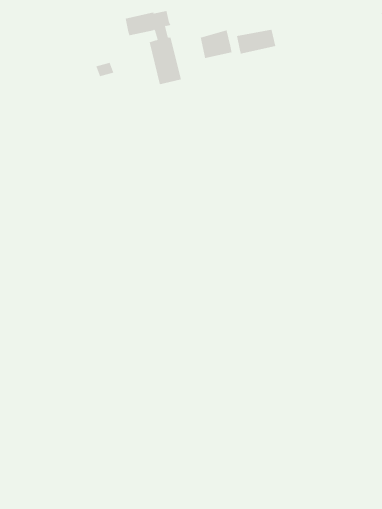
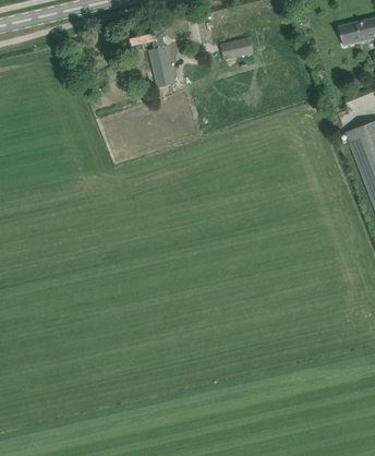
building: [200,30,232,59] -> none

